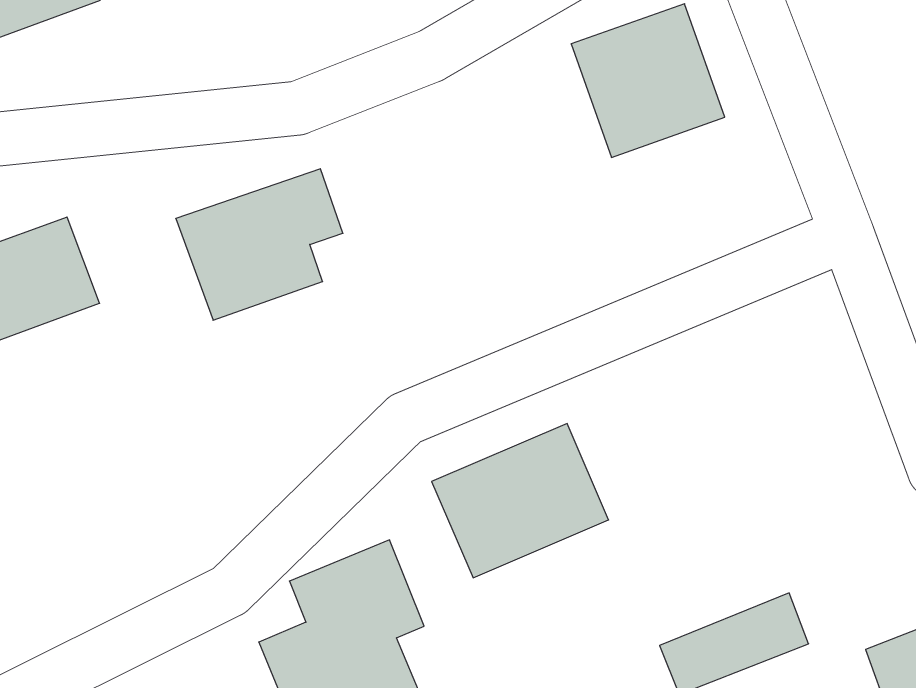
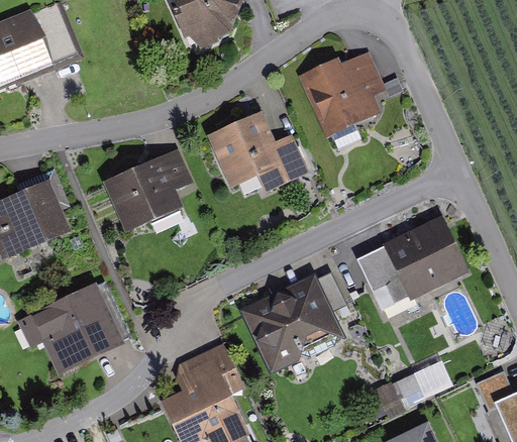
building: none -> [205,111,309,192]
building: none -> [356,215,468,314]
building: none -> [33,287,118,370]

